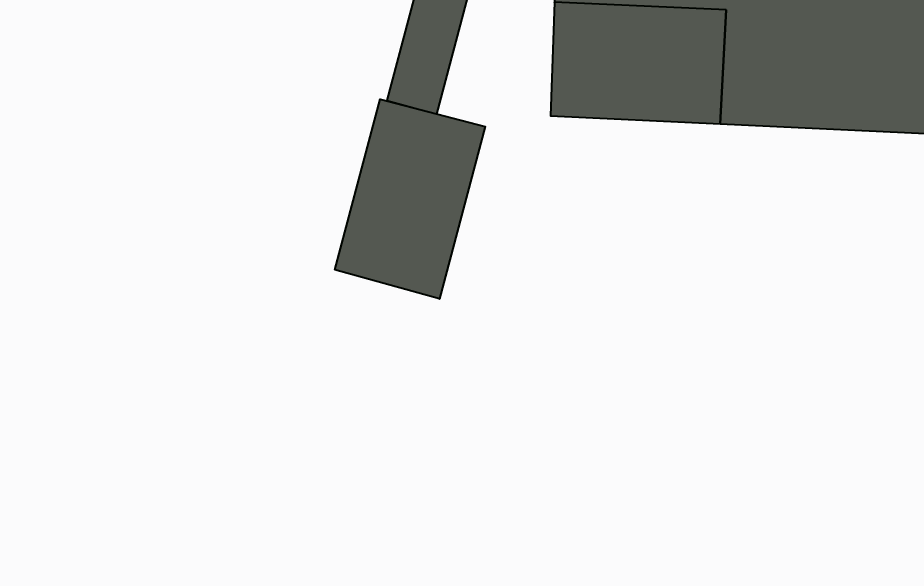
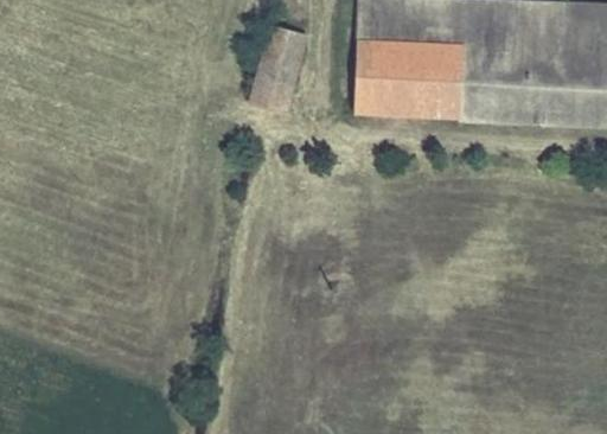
building: [335,99,485,299] -> none

